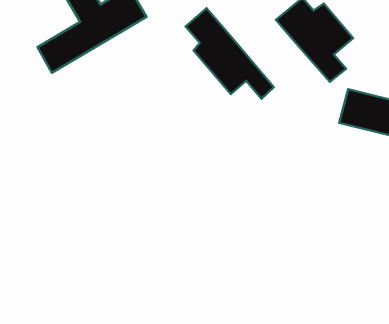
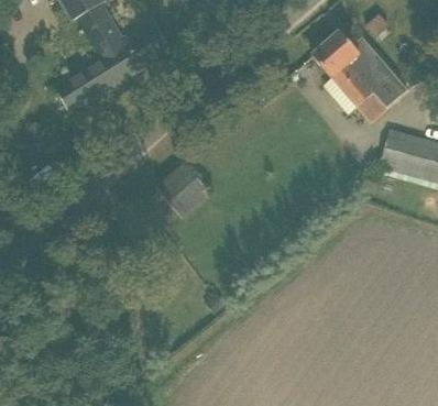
building: [186,8,274,99] -> none
building: none -> [158,164,211,217]

